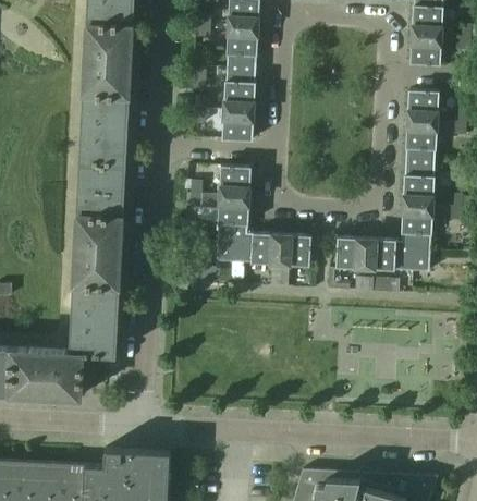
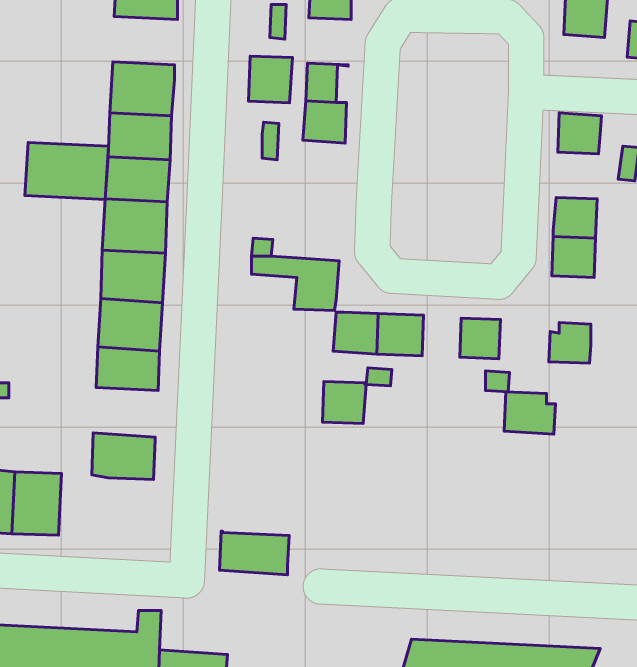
building: [85,21,132,56] -> none
building: [225,22,257,56] -> [249,56,292,103]
building: [409,34,440,65] -> none
building: [221,110,253,142] -> none
building: none -> [25,142,108,200]
building: [405,119,436,152] -> none
building: [218,167,249,197] -> none
building: [401,208,432,243] -> none
building: [215,232,246,262] -> [322,381,366,424]
building: [364,240,401,270] -> [504,392,555,434]
building: [71,289,118,325] -> none
building: [46,351,82,398] -> none
building: [119,450,169,481] -> [220,531,289,575]

